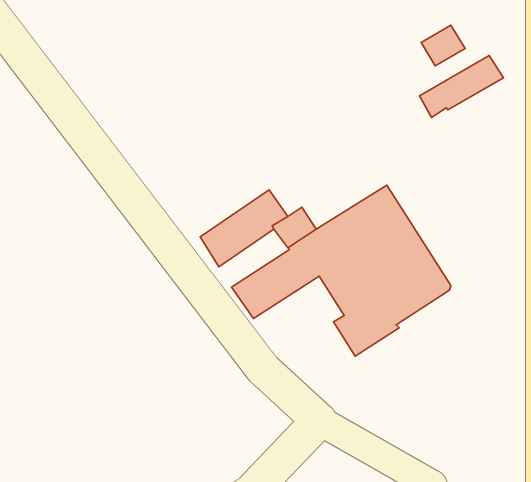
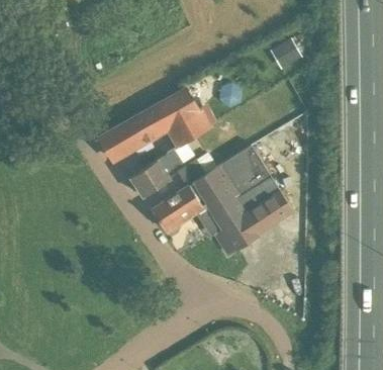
building: [419,55,503,117] -> none
building: none -> [99,91,208,161]

